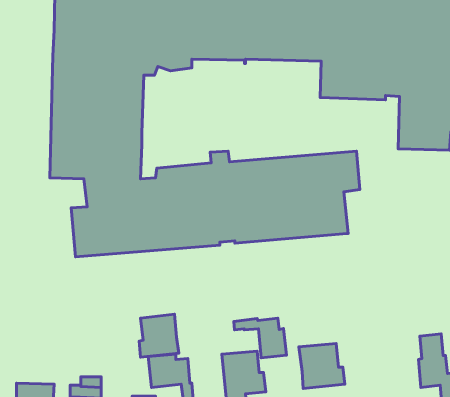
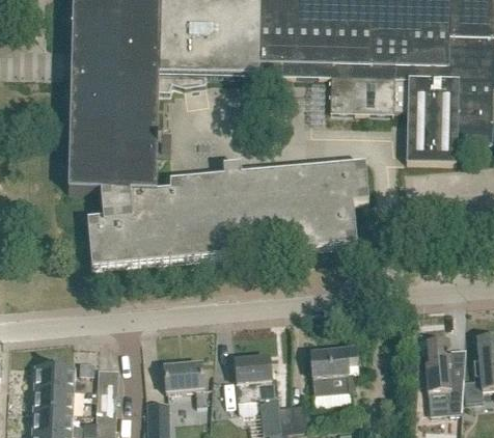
building: [139,314,179,357] -> none
building: [234,318,287,358] -> none
building: none -> [35,363,85,388]

